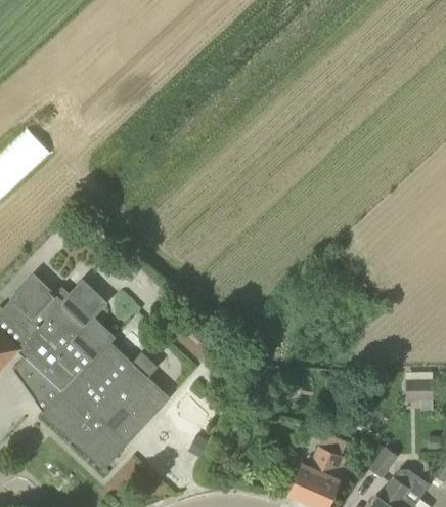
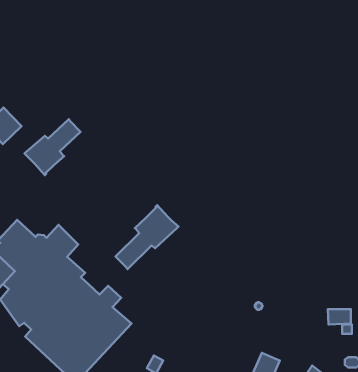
building: none -> [24,119,80,175]
building: none -> [116,205,178,269]

